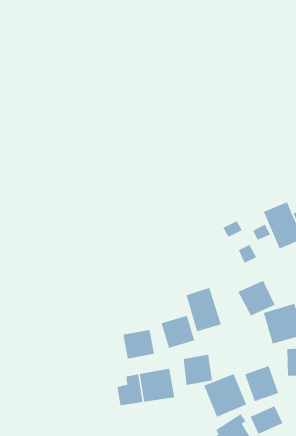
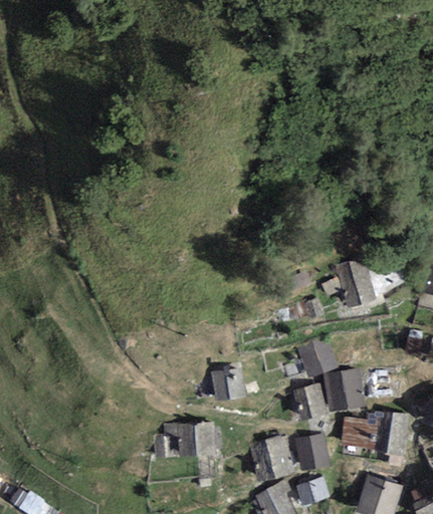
building: [186,287,222,332] -> none
building: none -> [292,383,328,420]
building: [123,329,155,359] -> none
building: [183,354,213,386] -> none

